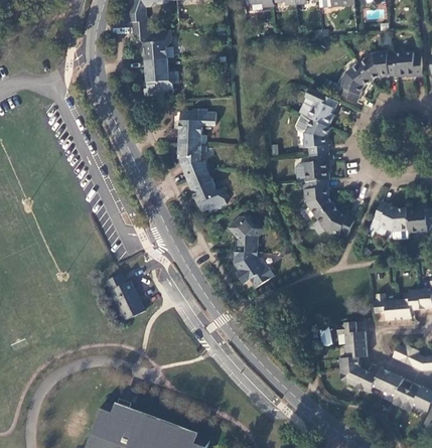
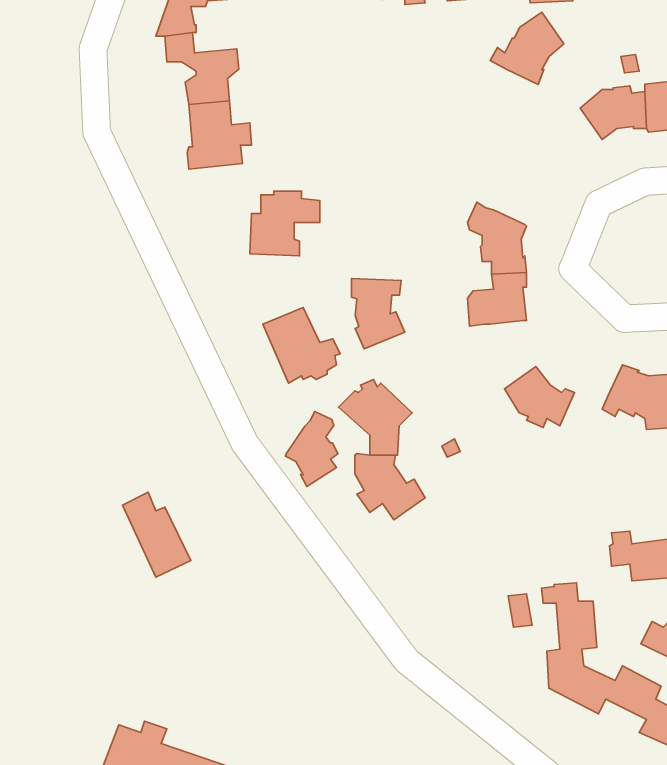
building: [329,63,370,103] -> [490,12,564,84]
building: [305,89,337,127] -> none
building: [177,143,206,181] -> [351,279,405,349]
building: [303,179,333,216] -> none
building: none -> [285,412,338,487]

